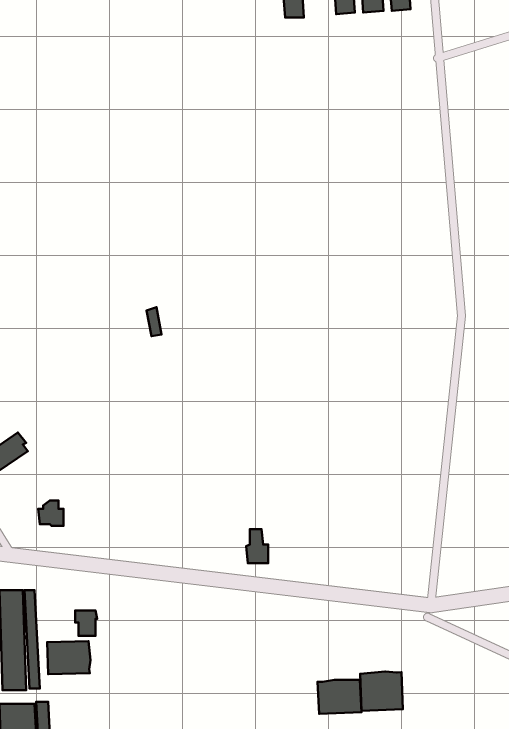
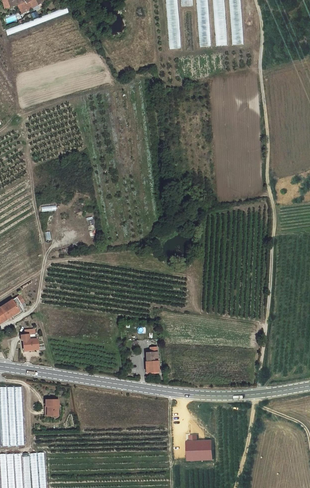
building: [47,641,91,674] -> none
building: [360,672,403,711] -> none

